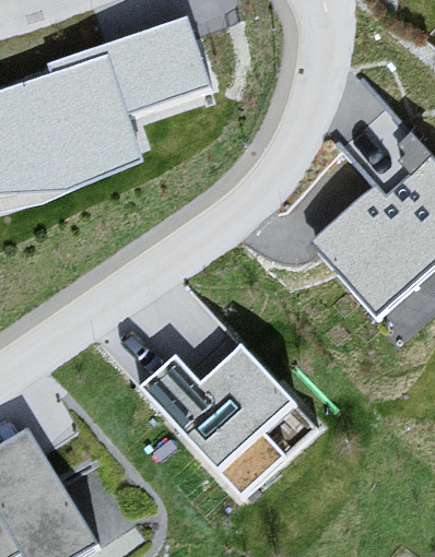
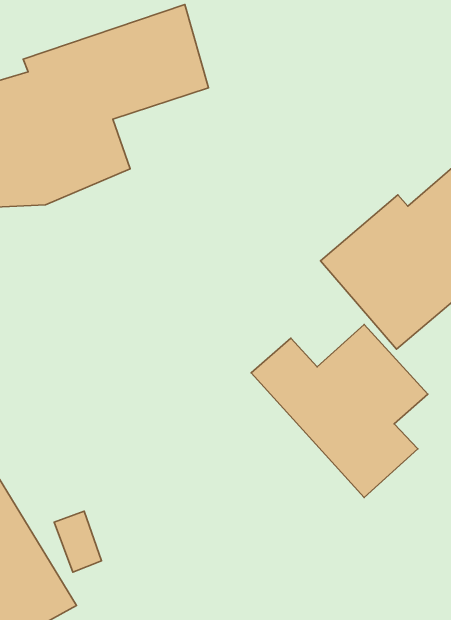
building: [142,345,297,497] -> [251,324,428,497]

